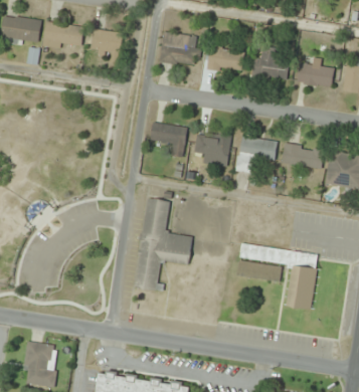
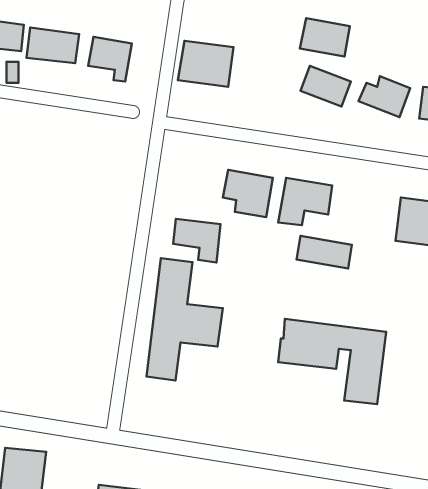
building: [205,45,243,74] -> [300,18,350,56]
building: [149,124,185,157] -> [173,219,221,262]
building: [281,144,323,169] -> [297,236,352,269]

